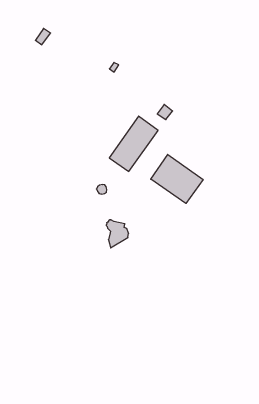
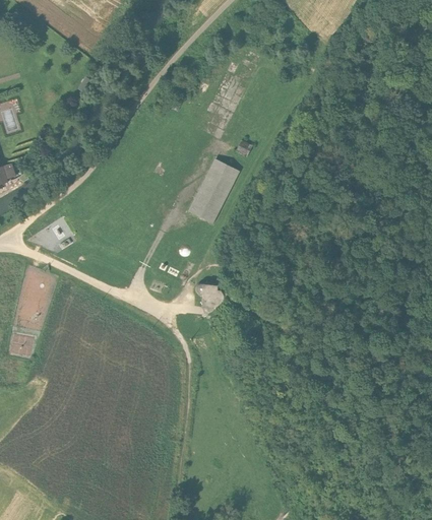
building: [151,154,203,203] -> none

